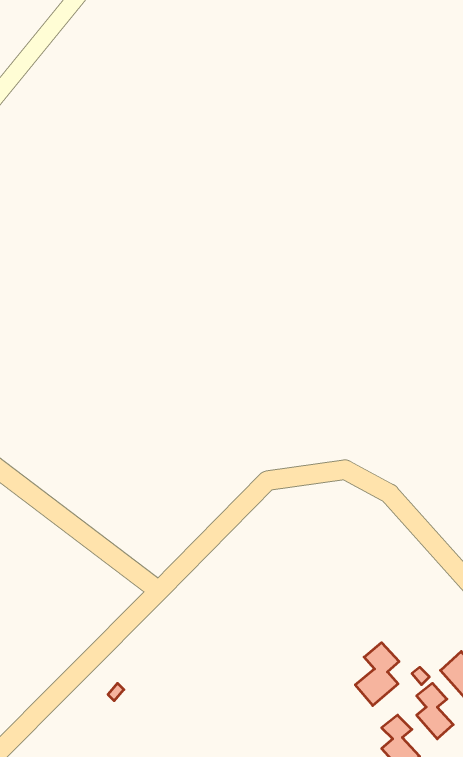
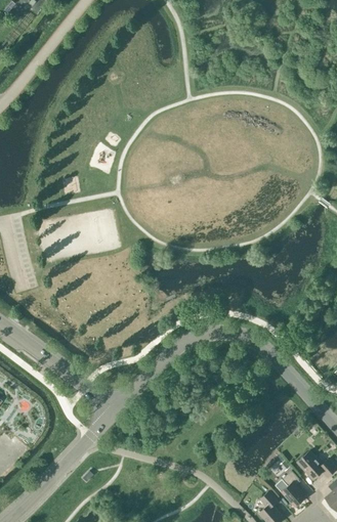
building: [355,643,399,706] -> none

